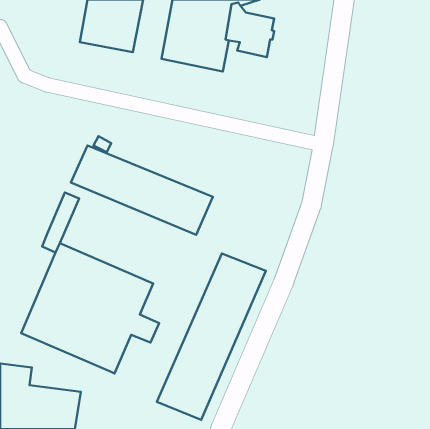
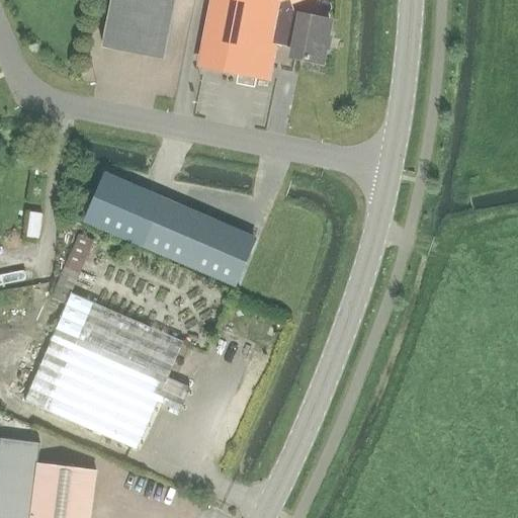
building: [157,254,266,420] -> none

